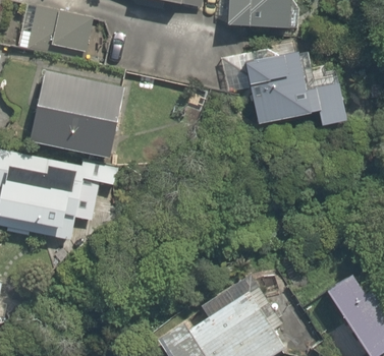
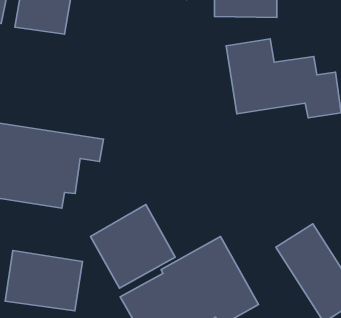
building: [39,77,130,154] -> none
building: none -> [91,204,175,288]
building: none -> [5,251,83,311]

